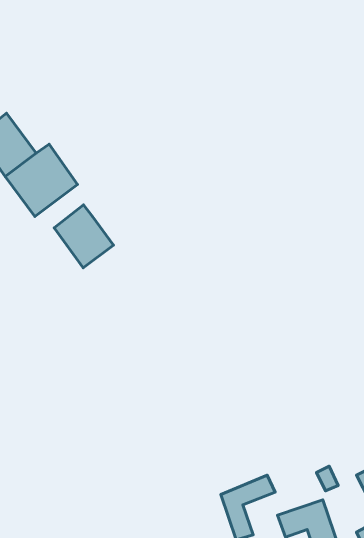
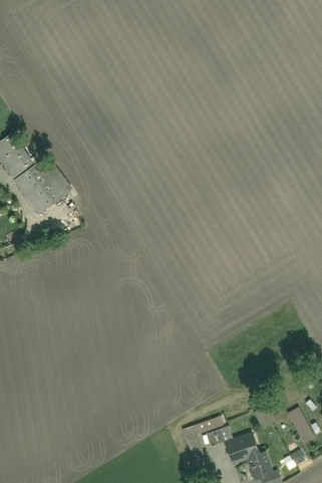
building: [54,205,114,268] -> none

